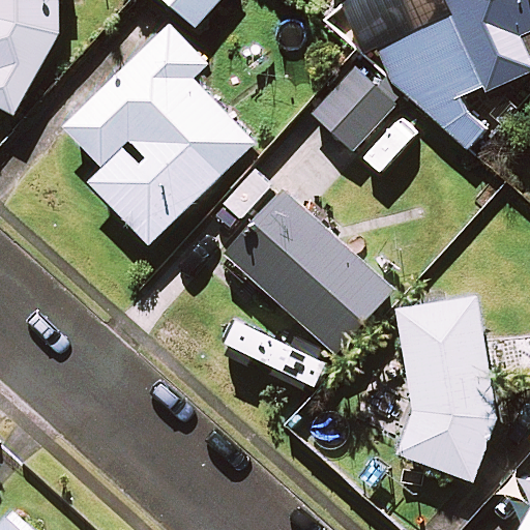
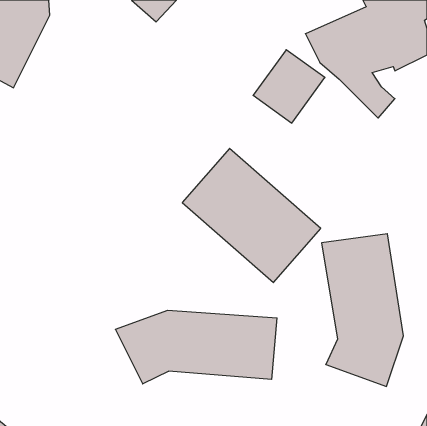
building: [63,22,256,238] -> none
building: none -> [115,310,277,384]

